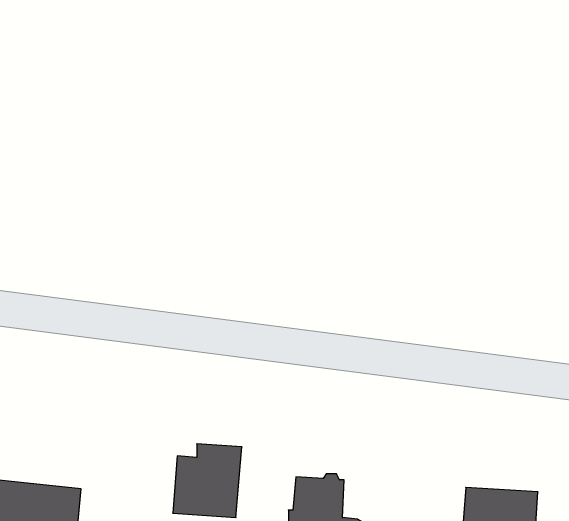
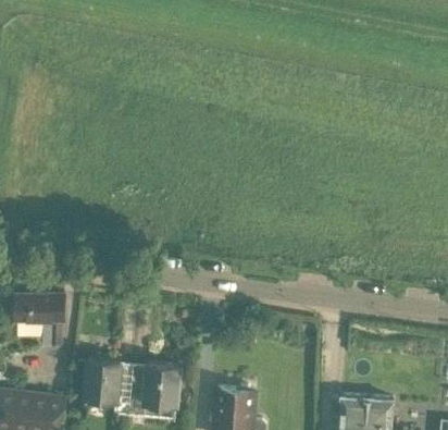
building: none -> [11,295,64,344]
building: none -> [85,359,133,415]

